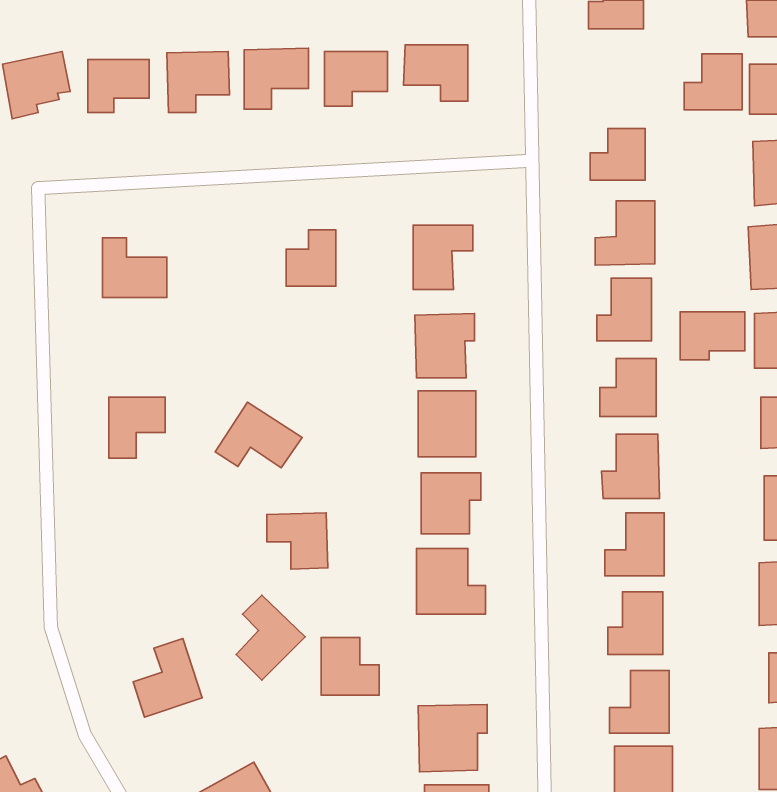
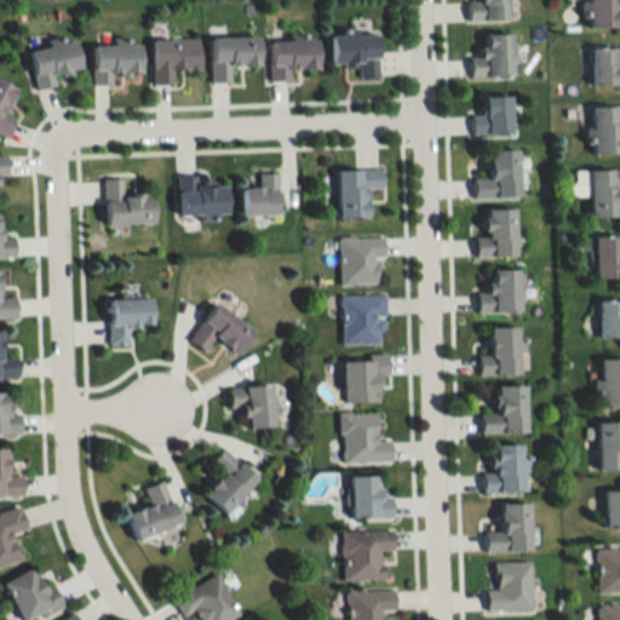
building: [684,54,742,110] -> [473,35,517,78]
building: none -> [180,177,229,217]
building: [680,312,745,360] -> none
building: [321,637,379,695] -> [352,476,396,519]

